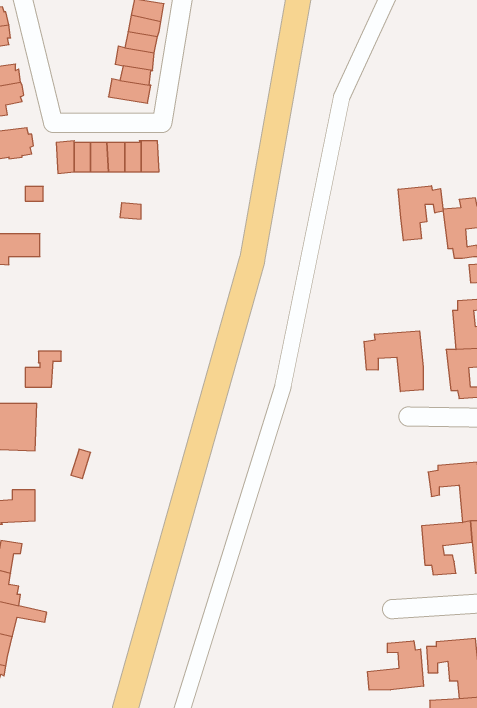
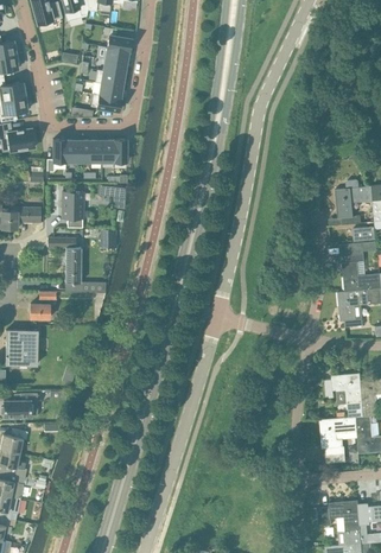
building: [398,186,443,241] -> none
building: none -> [62,192,83,218]
building: none -> [47,237,81,282]
building: [364,331,423,392] -> none
building: [368,641,424,690] -> none

